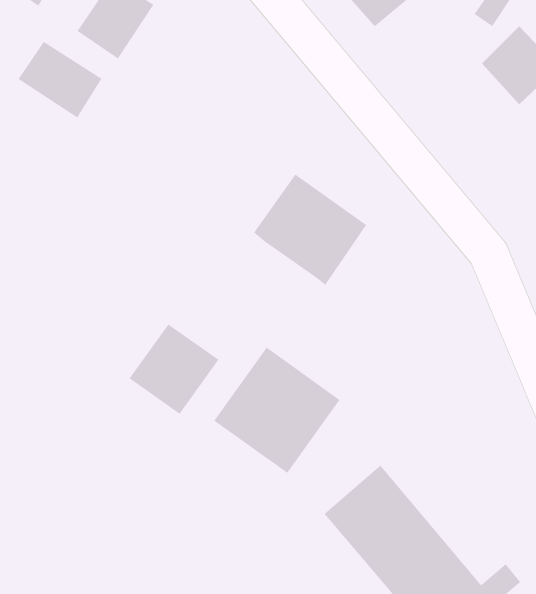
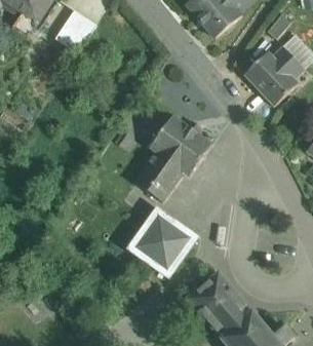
building: [17,41,103,119] -> none
building: none -> [245,51,298,105]
building: [128,324,220,415] -> [134,152,184,201]

